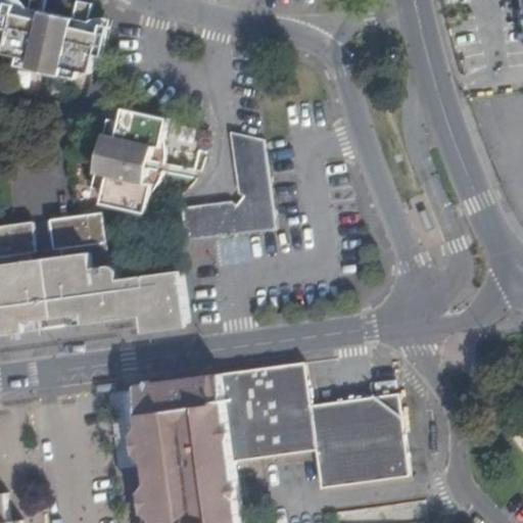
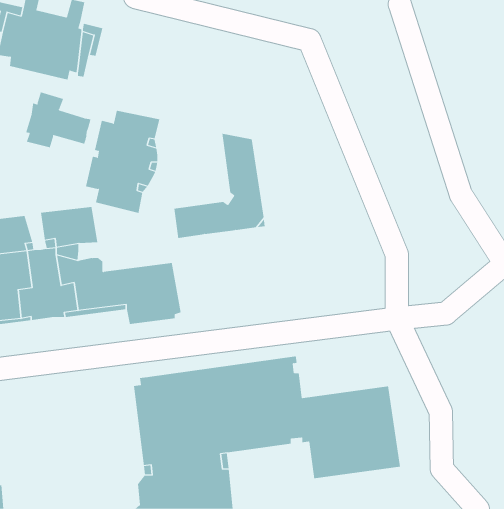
building: none -> [26,92,91,148]

